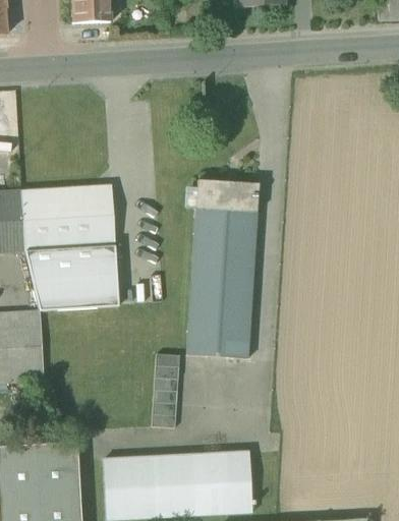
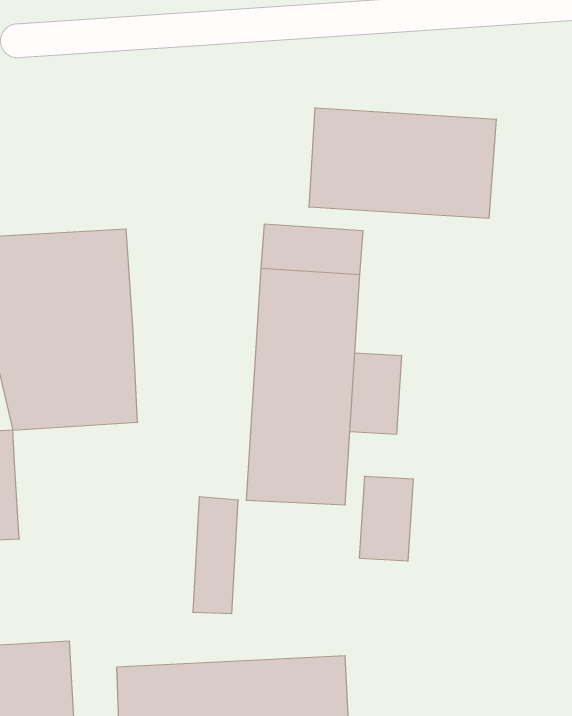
building: none -> [309,108,496,218]
building: none -> [350,353,401,434]
building: none -> [360,476,413,561]

